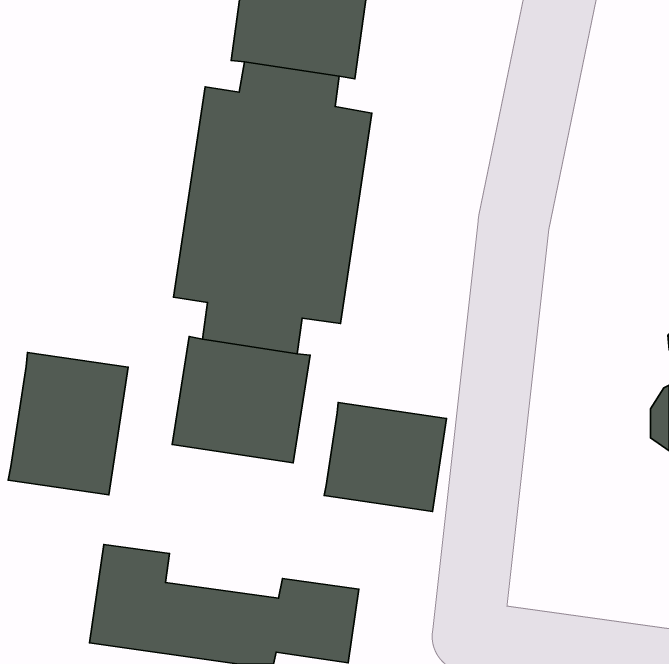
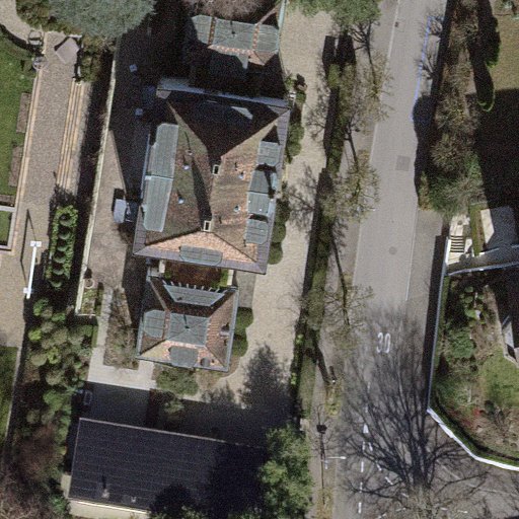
building: [8,352,128,495] -> none
building: [324,403,447,511] -> none

